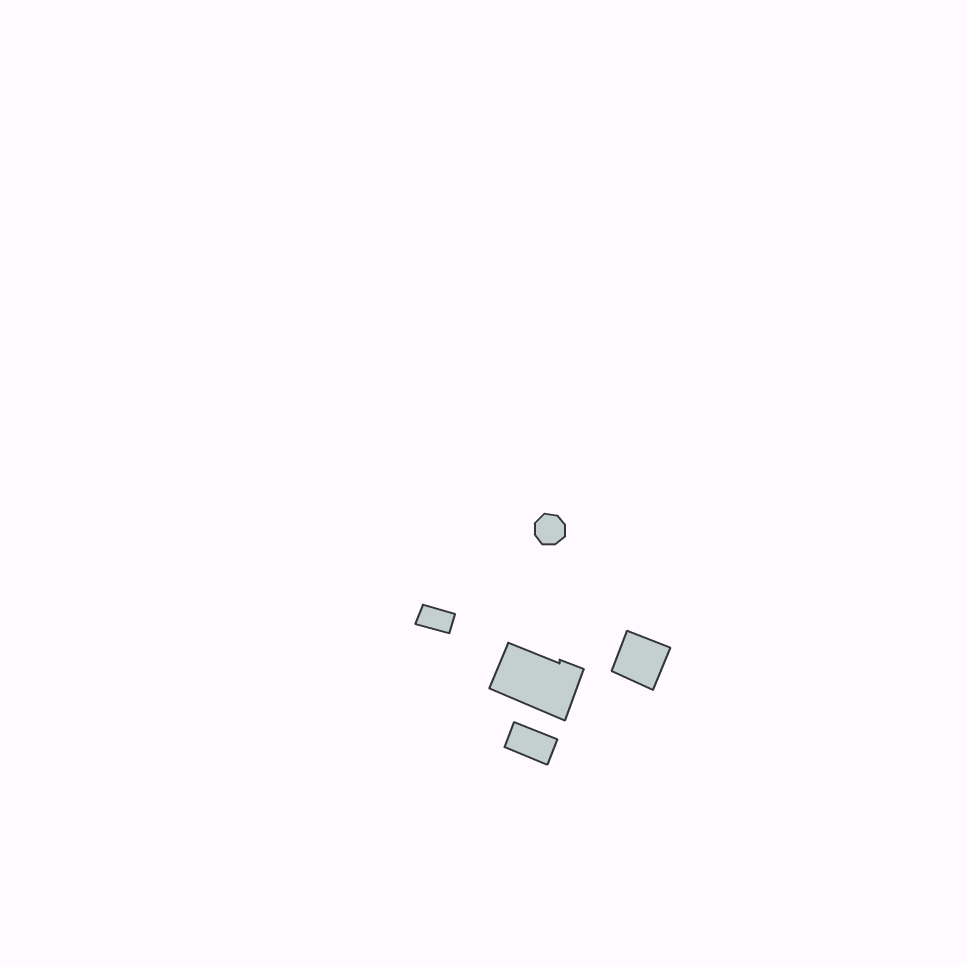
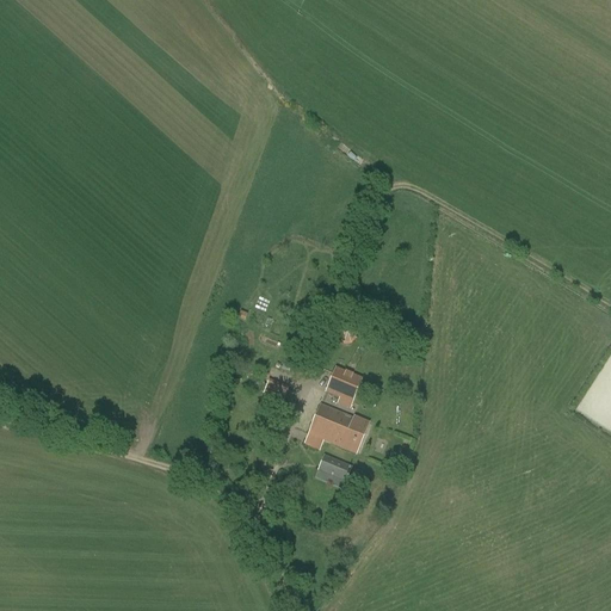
building: [612,631,670,690] -> [325,366,362,403]

